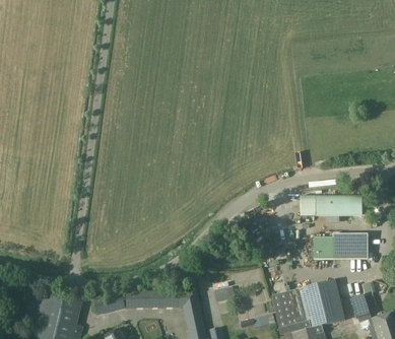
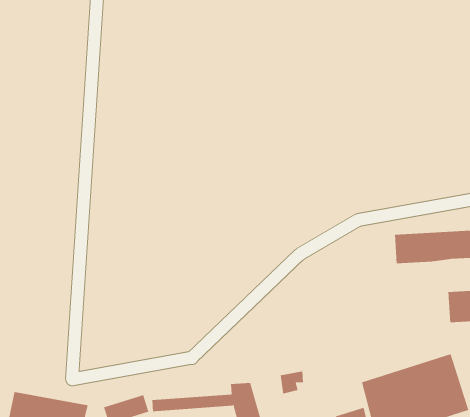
building: [315,238,335,260] -> none

